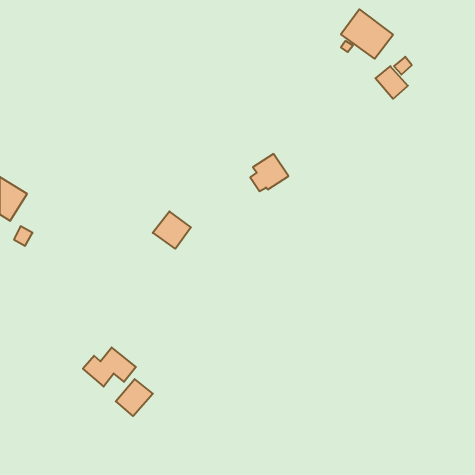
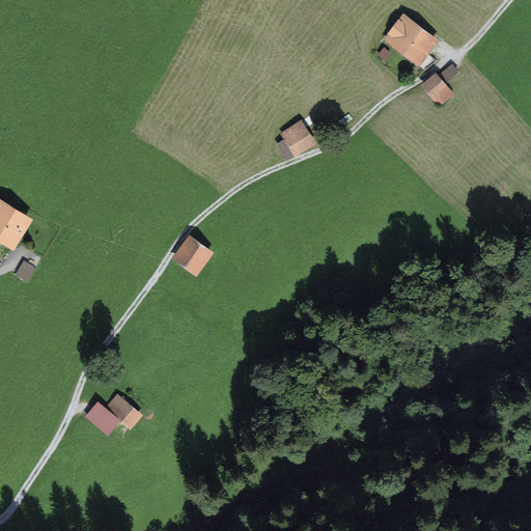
building: [250,154,288,191] -> [275,119,317,161]
building: [116,379,153,416] -> none

